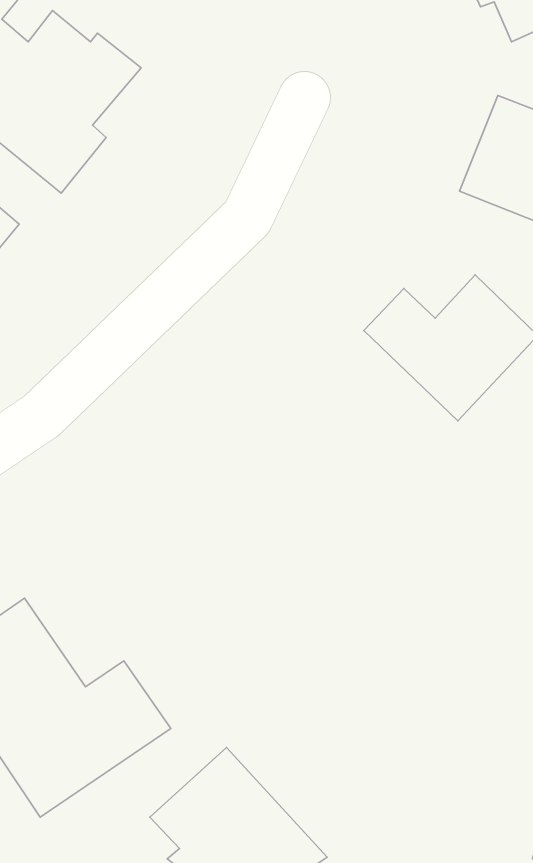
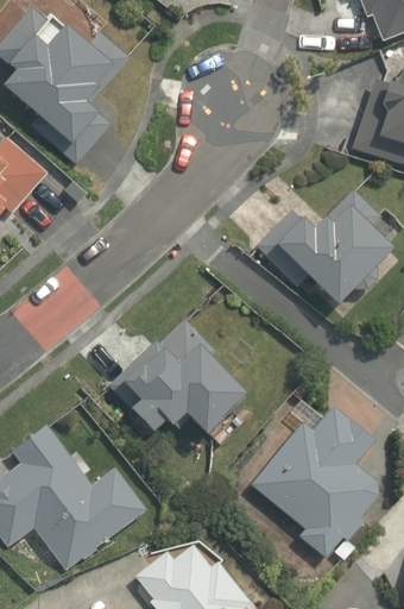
building: none -> [124,321,254,438]
building: none -> [245,406,389,563]

